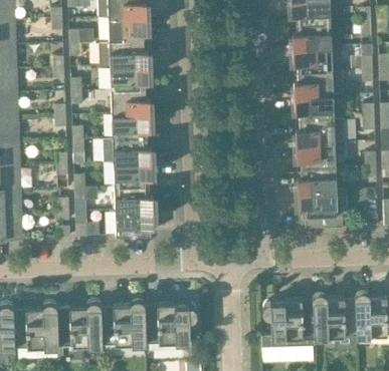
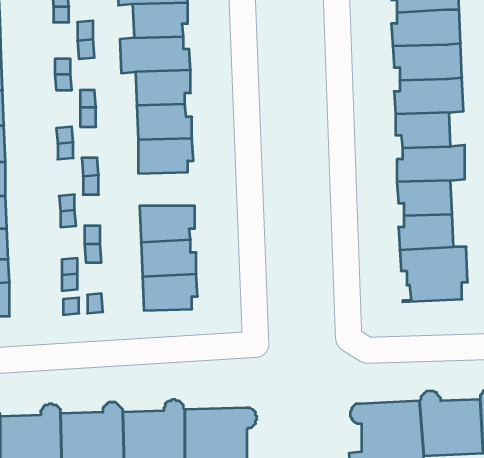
building: [102,137,152,161] -> none

